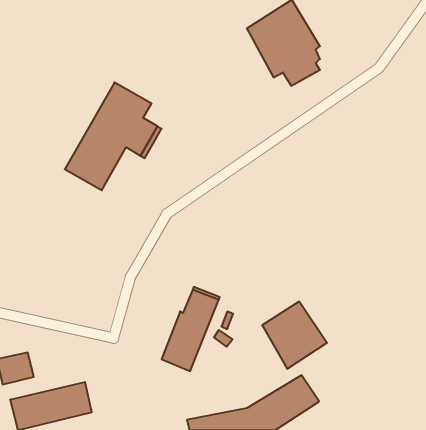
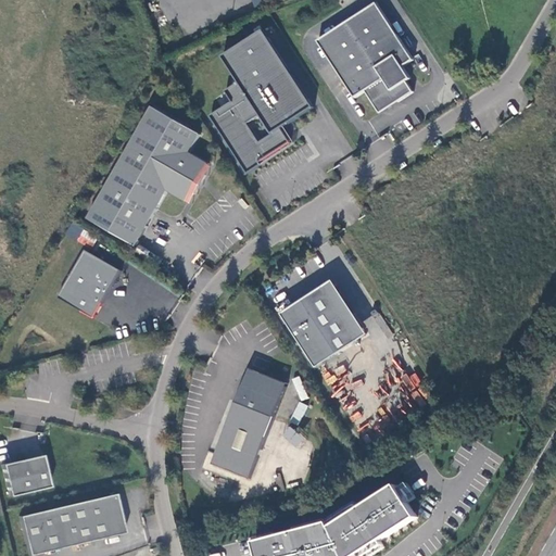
building: none -> [207,30,315,173]
building: none -> [54,250,118,318]
building: [262,302,327,369] -> [285,281,368,368]

